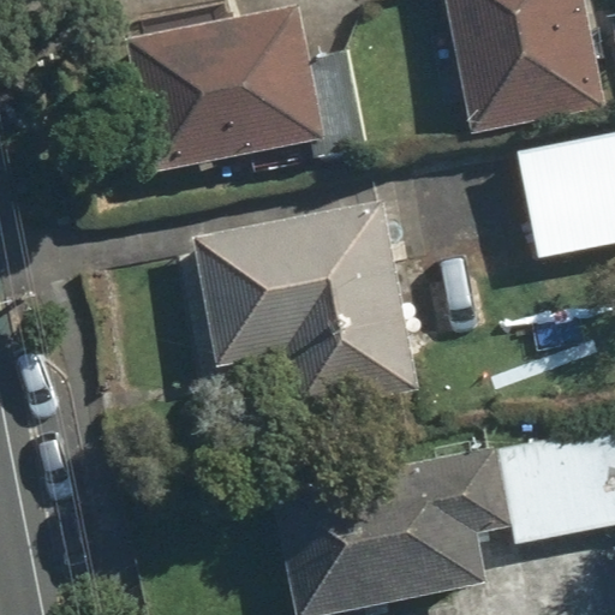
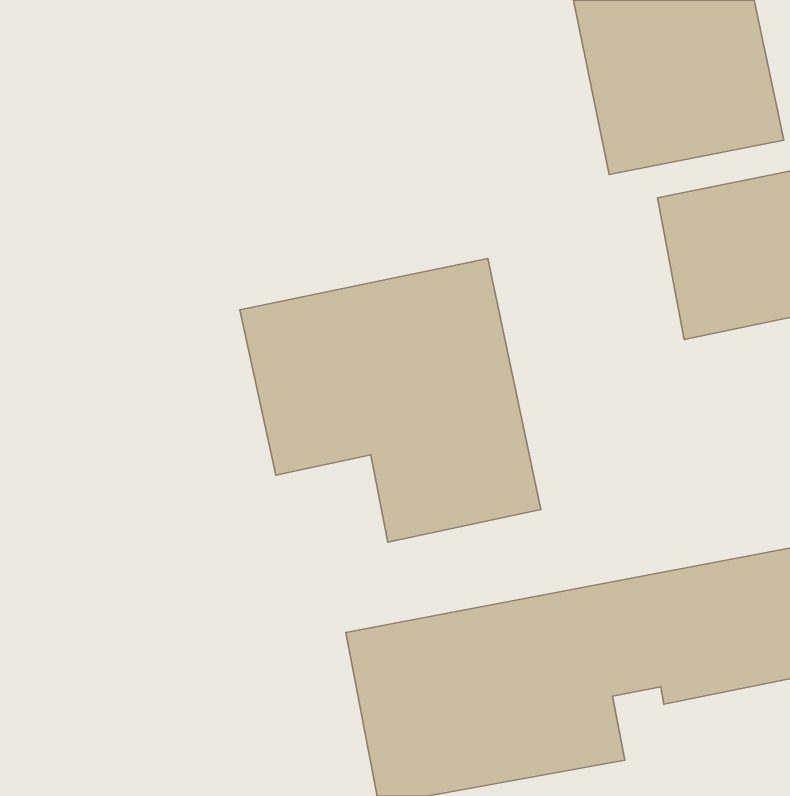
building: [117,12,362,171] -> none

